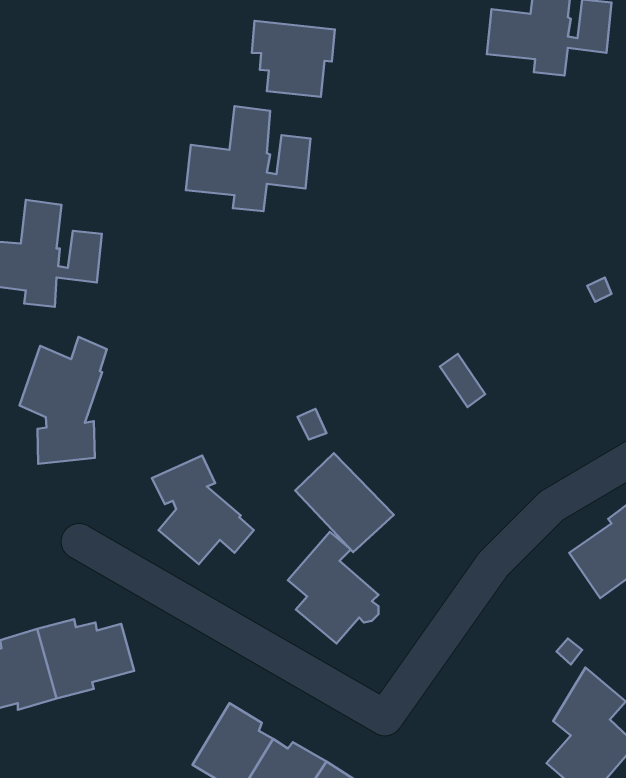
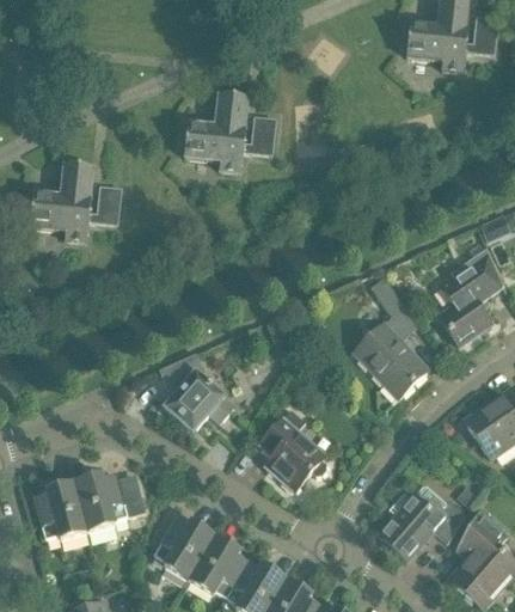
building: [252,21,335,97] -> none
building: none -> [440,246,503,343]
building: [19,337,107,464] -> none
building: [295,453,394,552] -> [355,323,428,396]
building: none -> [379,484,465,558]
building: none -> [154,518,216,580]

